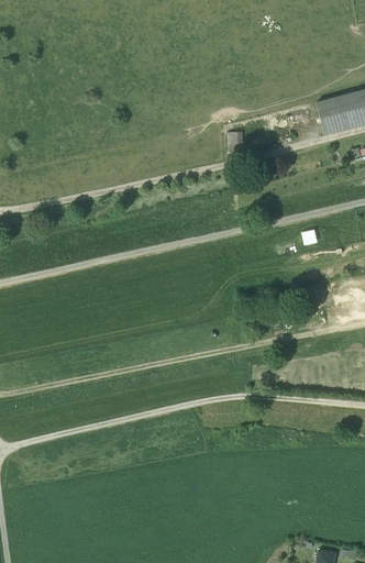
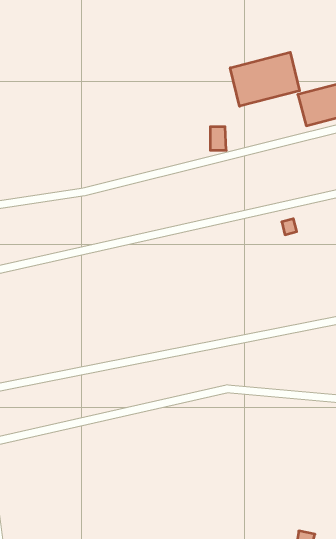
building: none -> [230,52,300,106]

